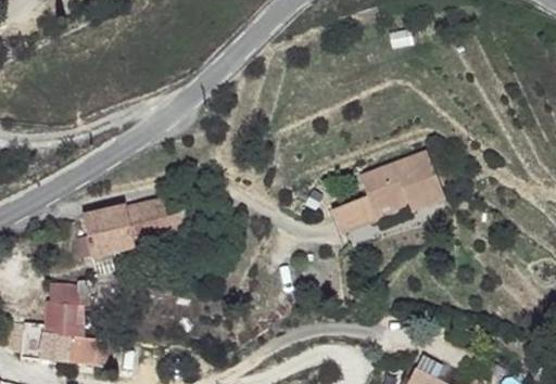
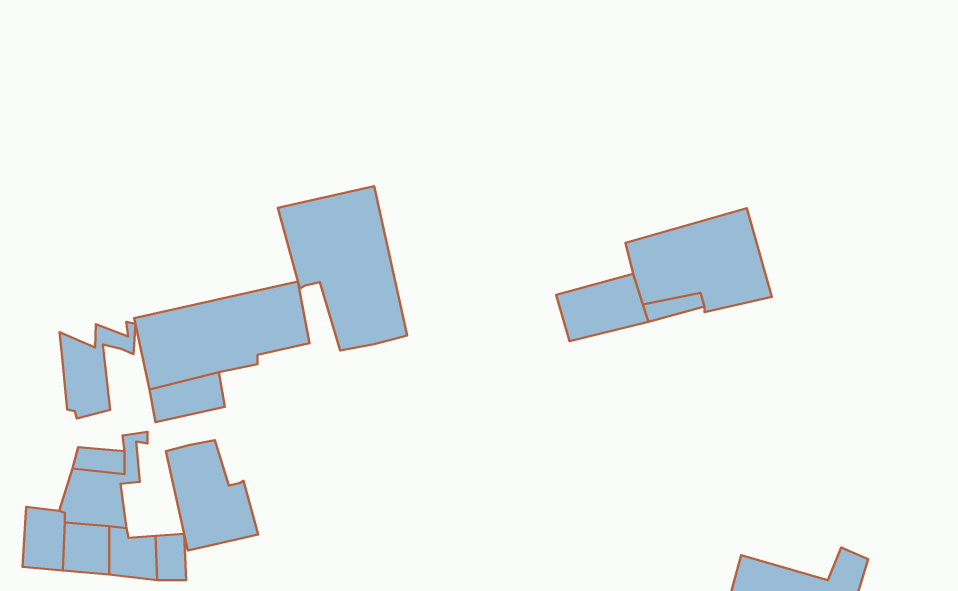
building: none -> [278,186,407,351]
building: none -> [59,322,135,419]
building: none -> [166,440,258,550]

